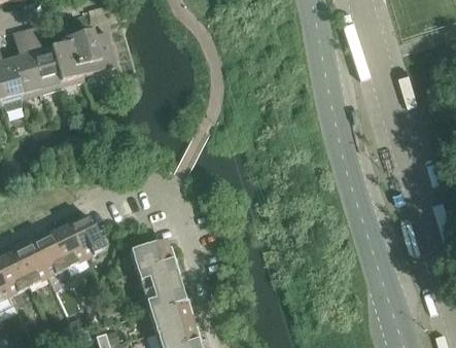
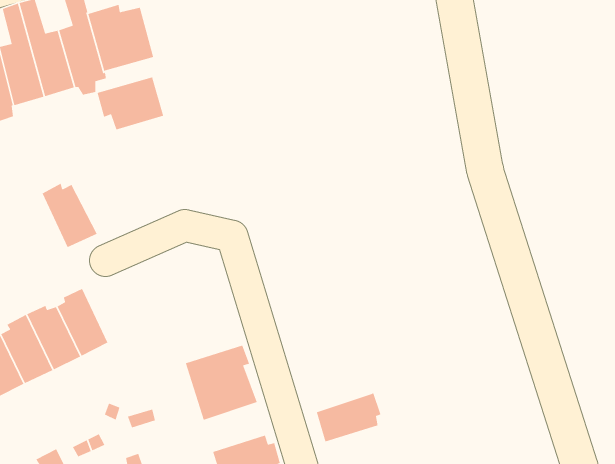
building: none -> [96,76,164,130]
building: [68,214,106,258] -> [41,182,98,248]
building: [130,239,176,272] -> none
building: [149,298,194,332] -> [316,392,381,442]

